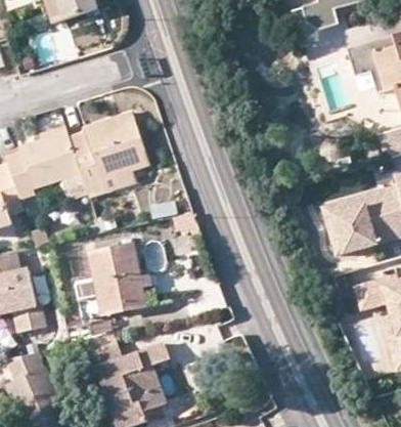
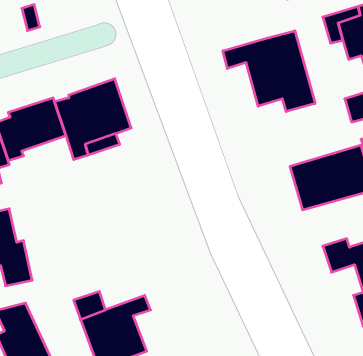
building: none -> [223,31,315,112]
building: [77,245,145,316] -> none

